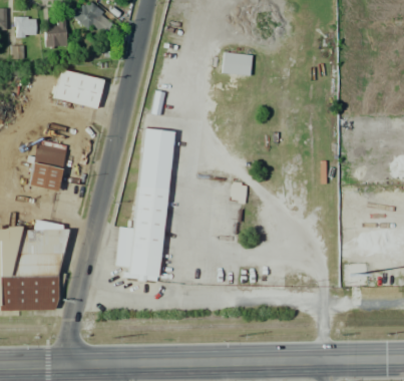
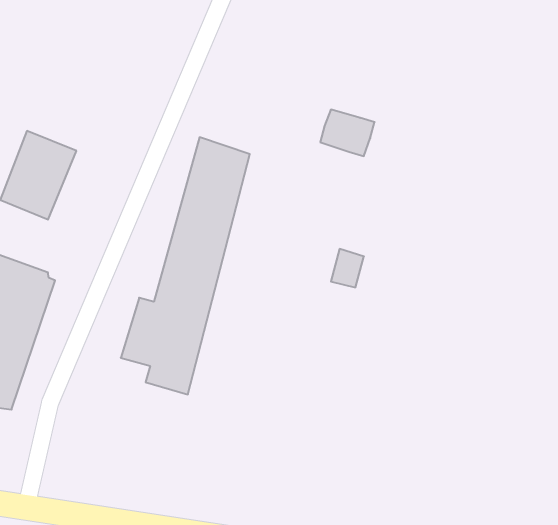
building: [223,52,253,76] -> [320,110,375,156]
building: [53,67,105,109] -> none

